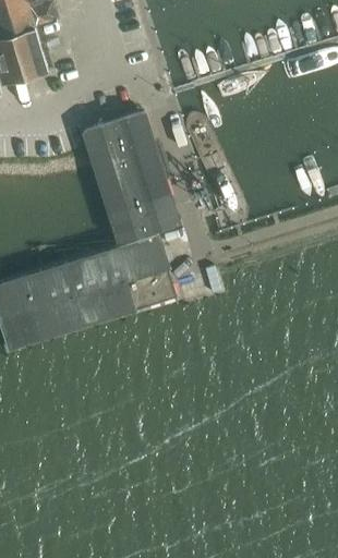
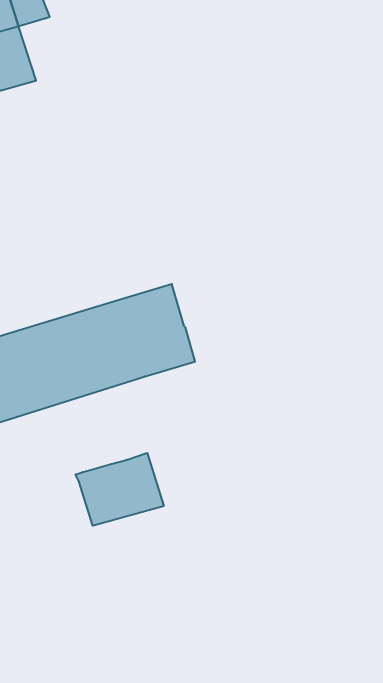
building: [85,111,177,239] -> none
building: none -> [76,453,164,526]

